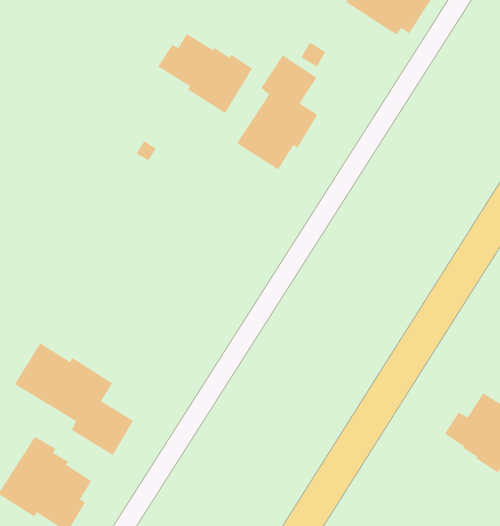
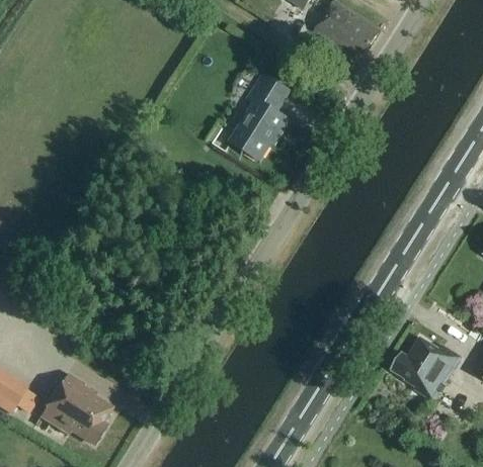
building: [158,33,253,114] -> none
building: [14,342,134,456] -> none

